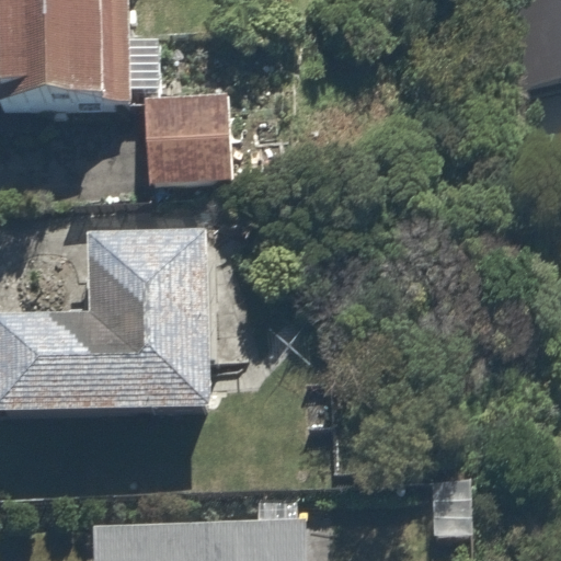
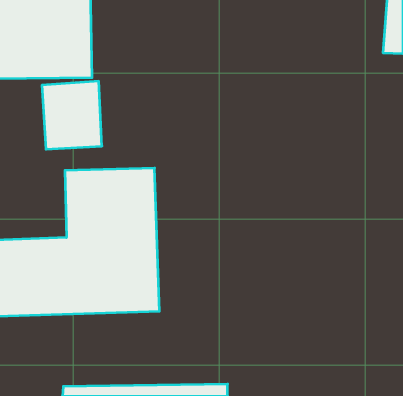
building: [144,95,226,188] -> [42,81,102,149]

